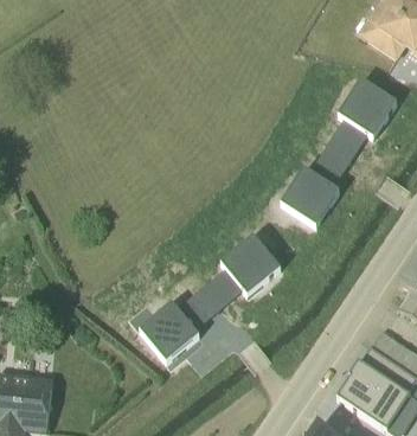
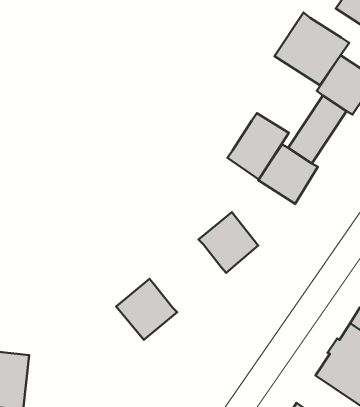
building: none -> [274,12,349,85]
building: none -> [228,113,289,179]
building: [177,268,243,331] -> none

